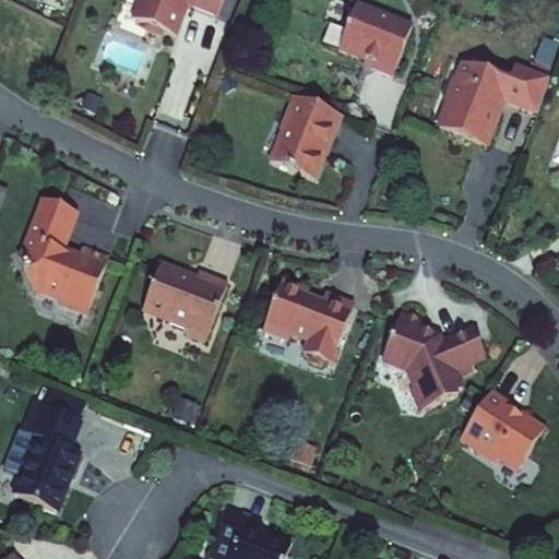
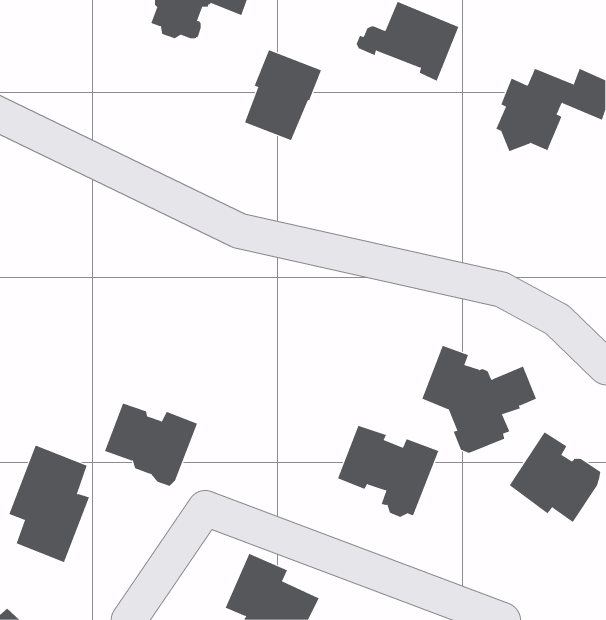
building: [272,95,342,177] -> [244,50,322,141]
building: [20,200,108,312] -> none
building: [142,263,226,338] -> [104,403,198,487]
building: [261,281,353,364] -> [337,425,439,518]

